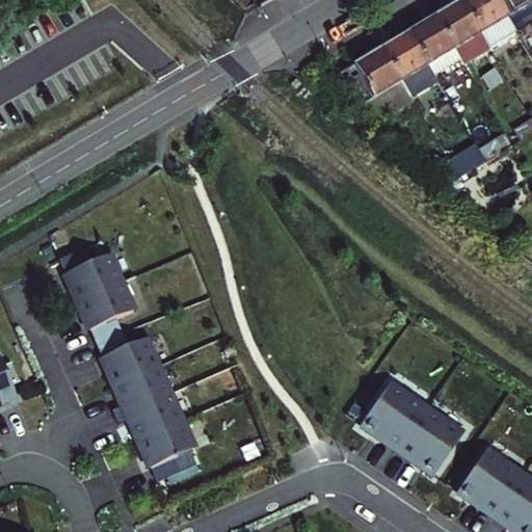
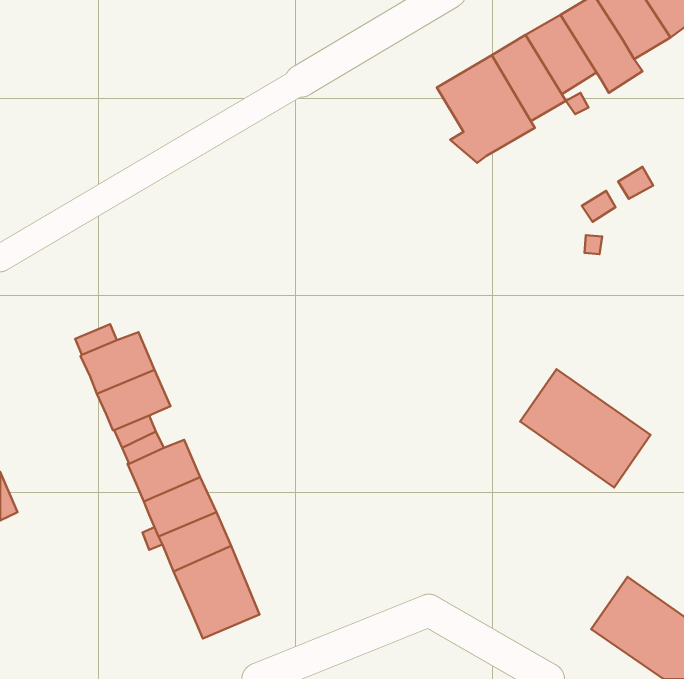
building: [363,379,463,471] -> [520,369,650,487]

